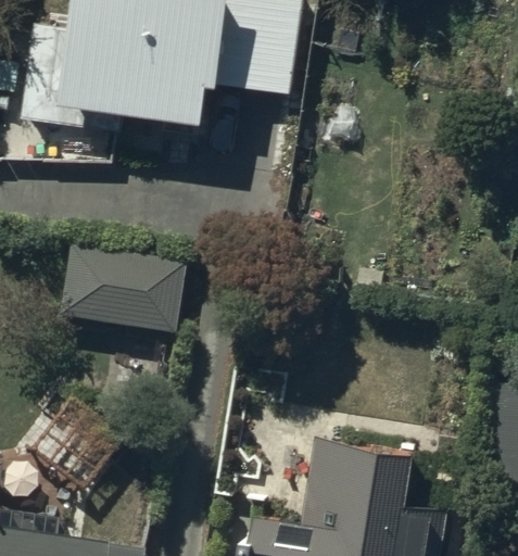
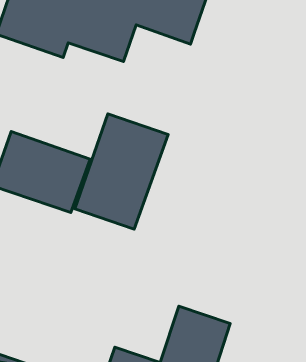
building: none -> [75,114,168,229]

